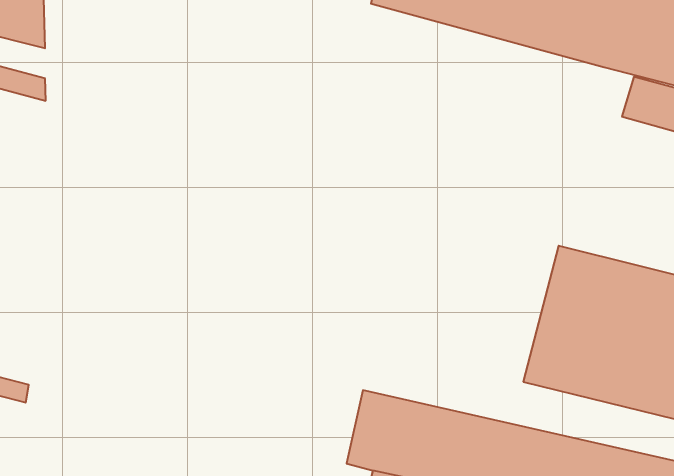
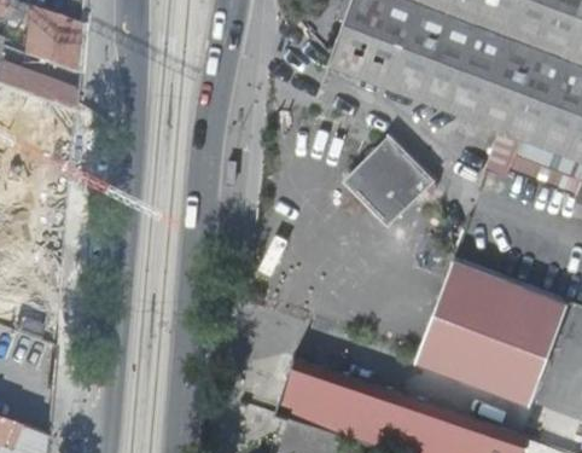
building: none -> [348,139,433,223]

